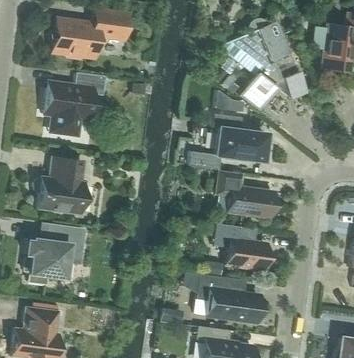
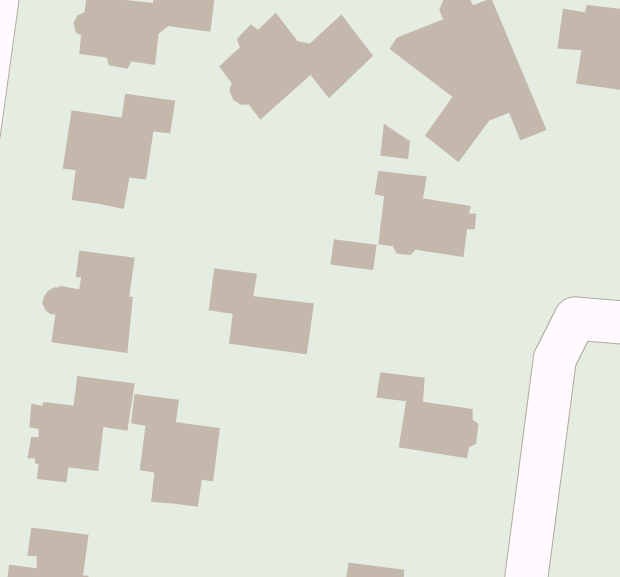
building: none -> [219,12,374,120]
building: [217,172,275,219] -> [208,268,315,355]
building: none -> [131,393,220,508]
building: [196,275,261,322] -> none

